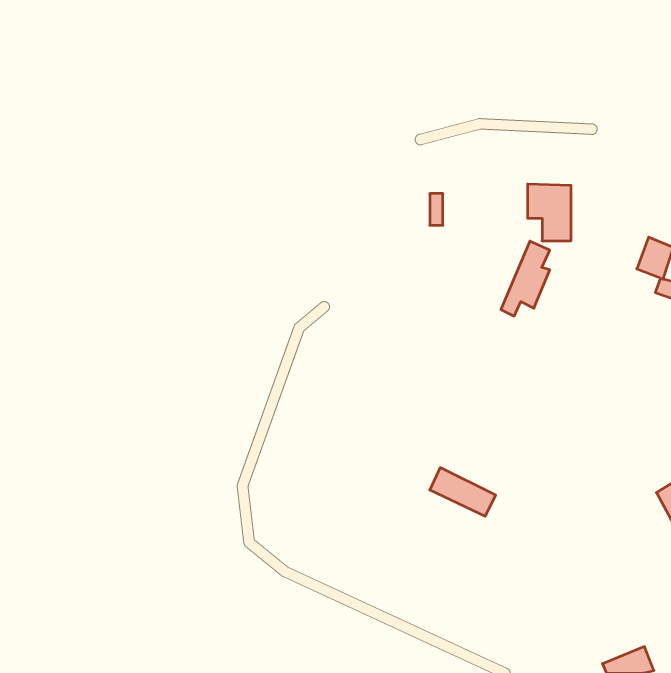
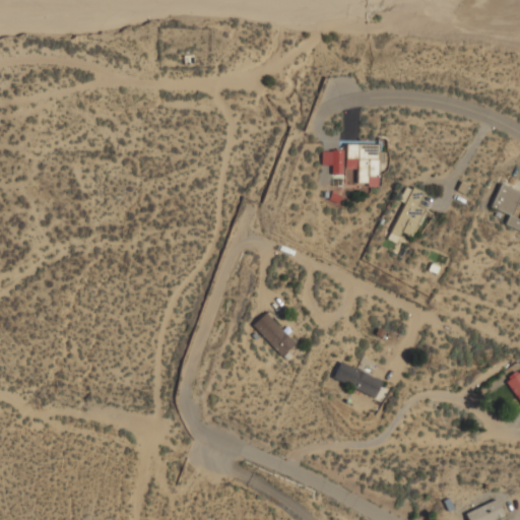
building: [528,184,571,241] -> [347,142,381,186]
building: none -> [254,312,297,356]

